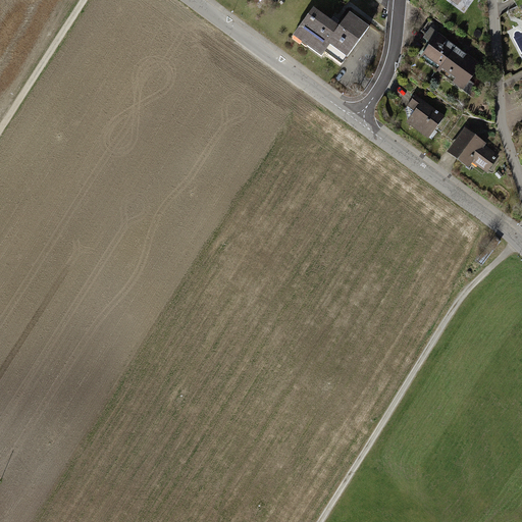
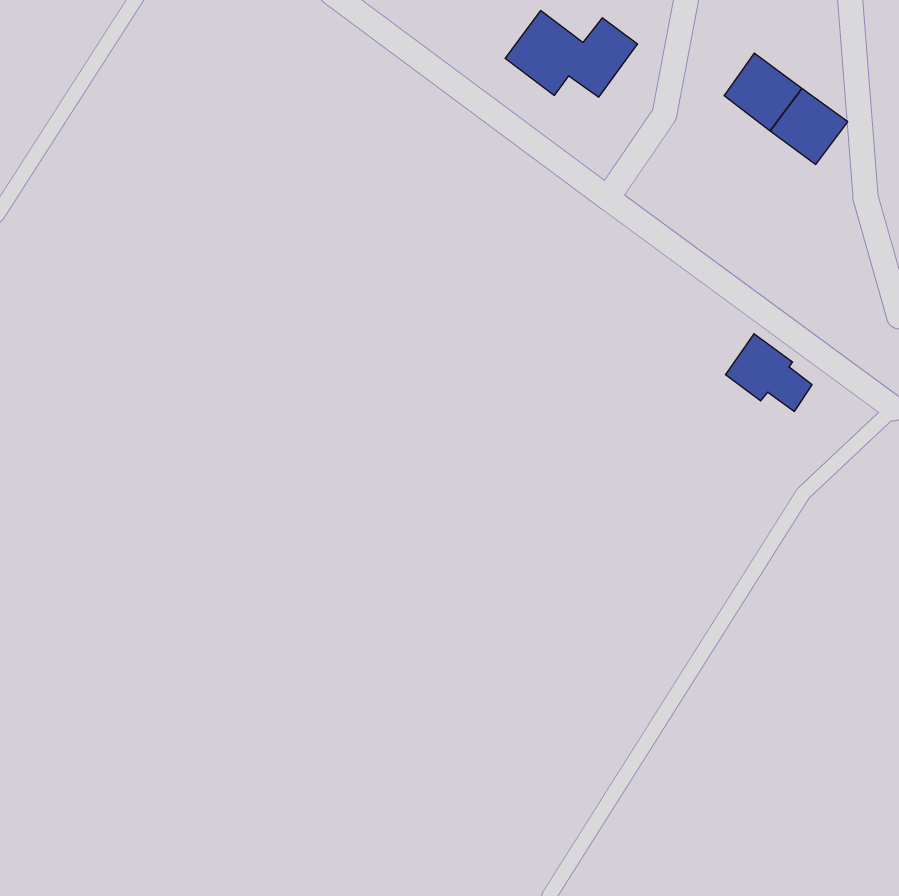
building: [406,94,443,137] -> none
building: [447,125,497,170] -> [725,334,812,411]

